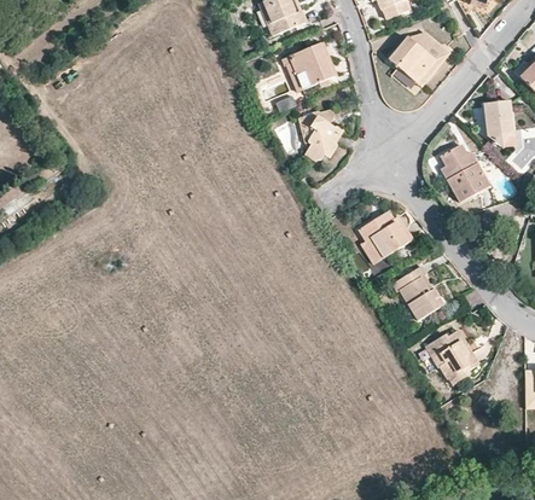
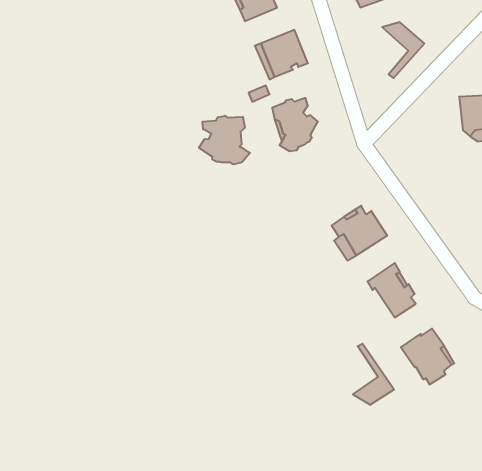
building: [389,36,434,82] -> none
building: none -> [199,116,250,164]
building: [440,145,488,202] -> none
building: none -> [353,344,394,405]

